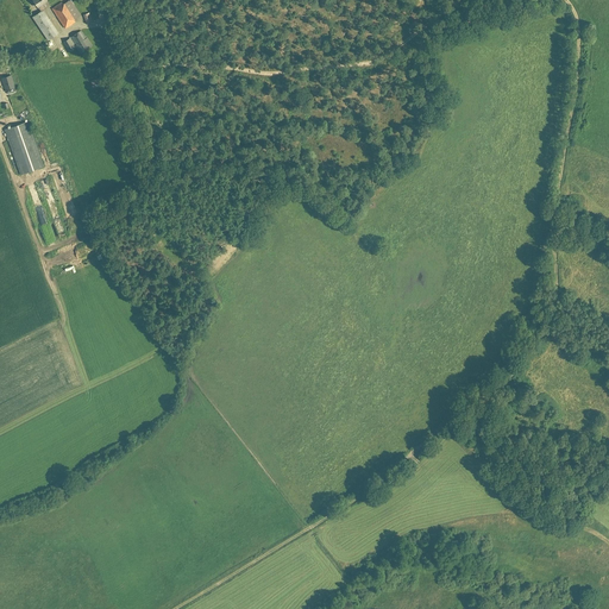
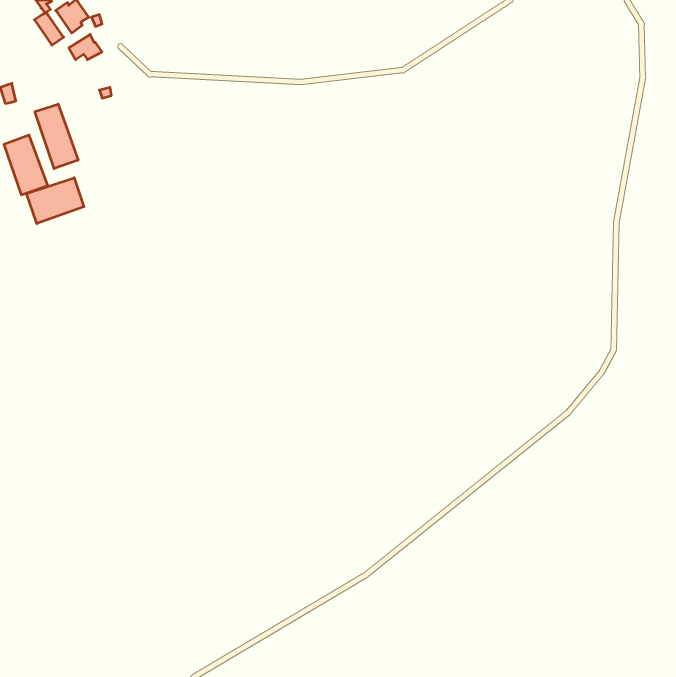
building: none -> [35,104,78,169]
building: none -> [26,178,84,224]

